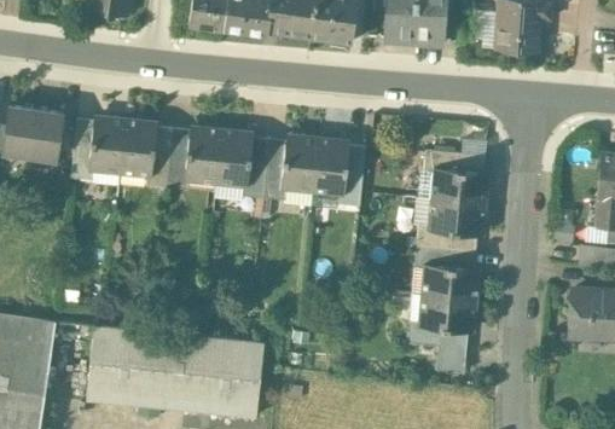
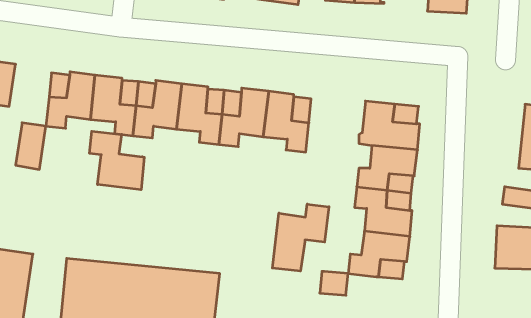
building: [29,109,63,161] -> [16,123,46,169]
building: none -> [90,131,144,190]
building: none -> [272,204,329,271]
building: [435,346,466,372] -> [320,271,348,295]

